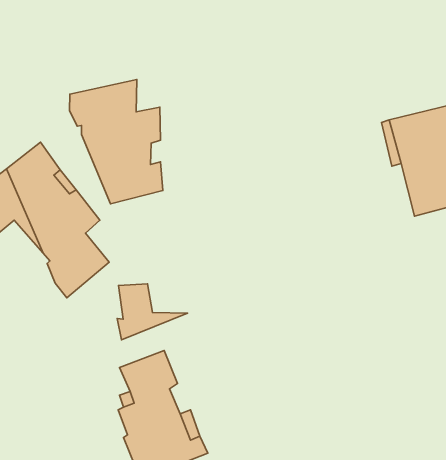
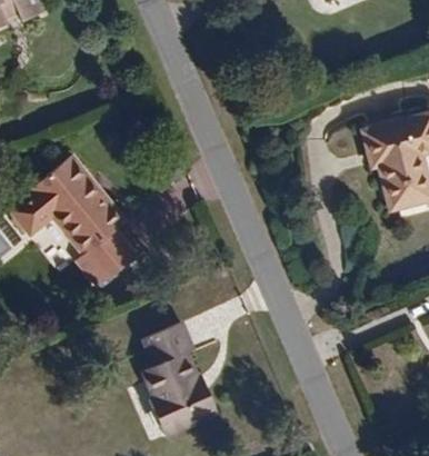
building: [70,79,163,204] -> none
building: [117,284,188,340] -> none

